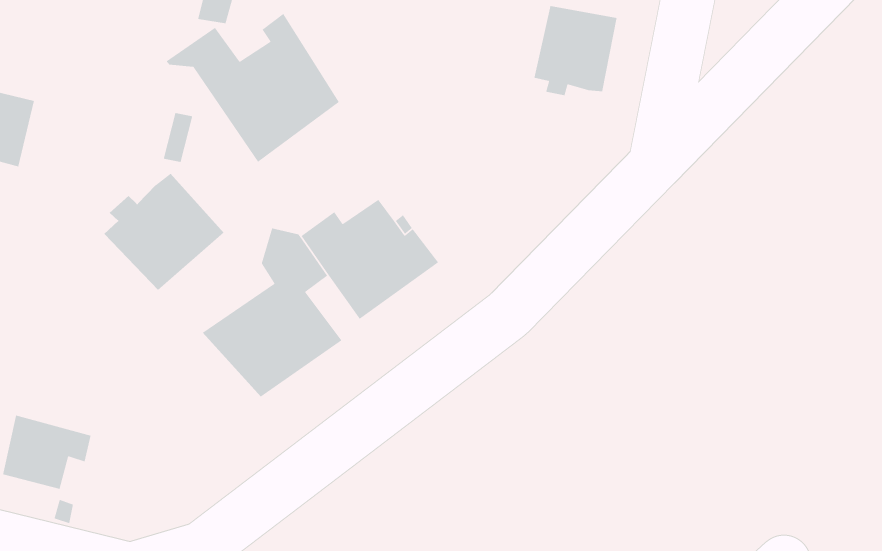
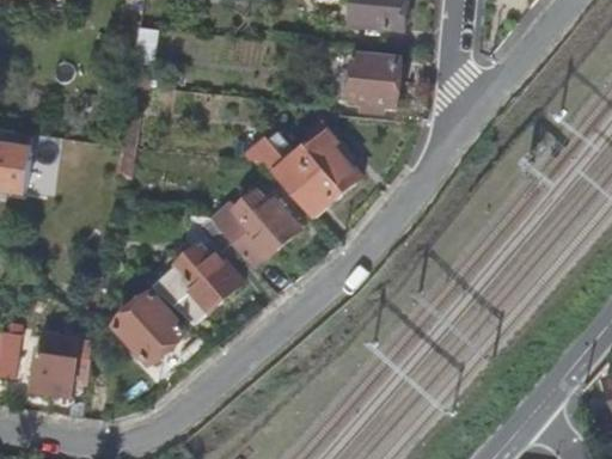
building: [165,13,340,163] -> [247,120,362,218]
building: [104,173,225,291] -> none
building: none -> [114,290,188,363]

